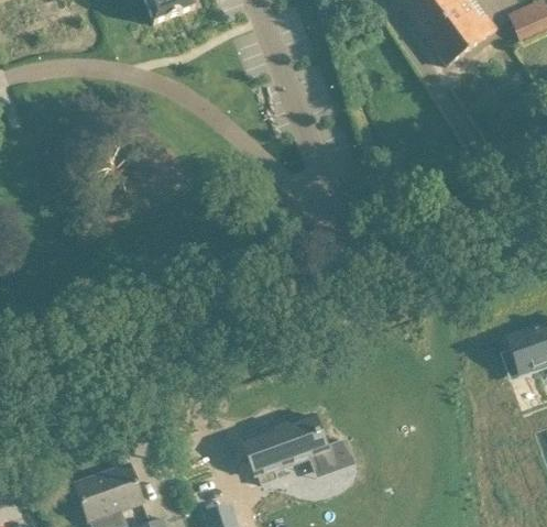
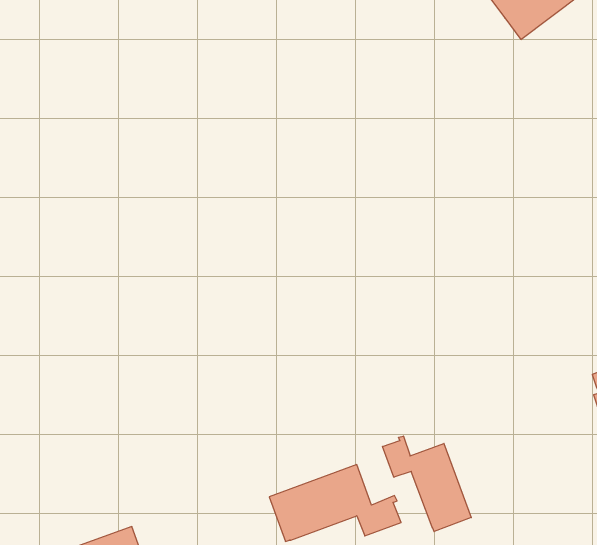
building: none -> [383,436,471,532]

